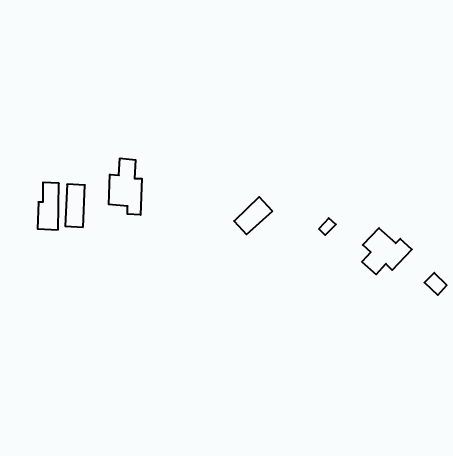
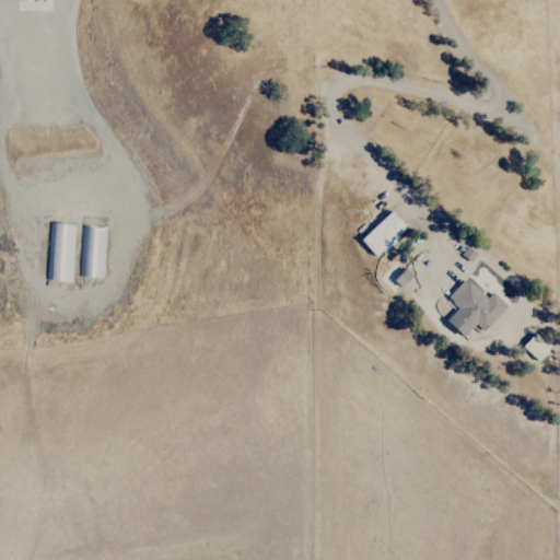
building: [109,158,142,215] -> none
building: [234,197,272,234] -> [362,210,409,256]

